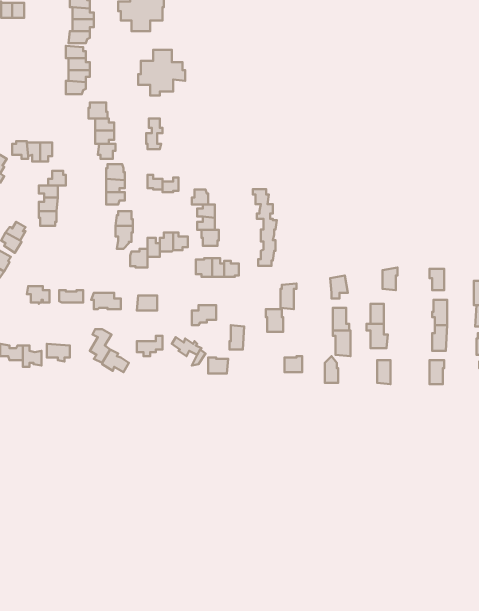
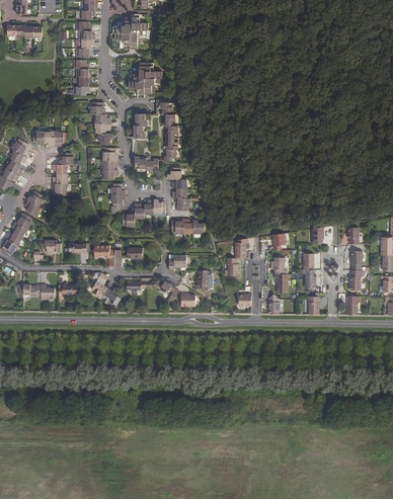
building: [253,189,277,266] -> [160,102,178,160]

